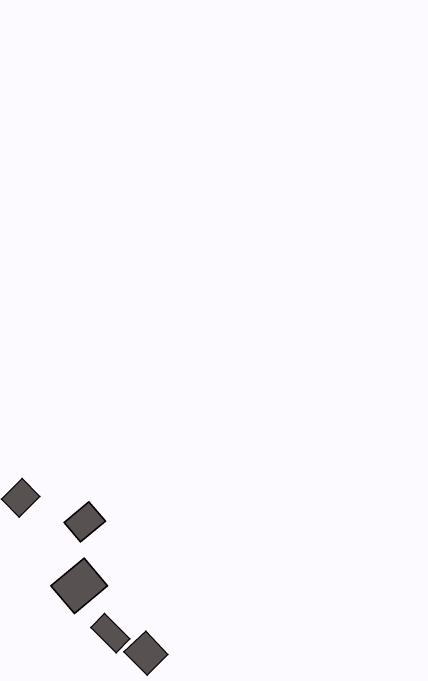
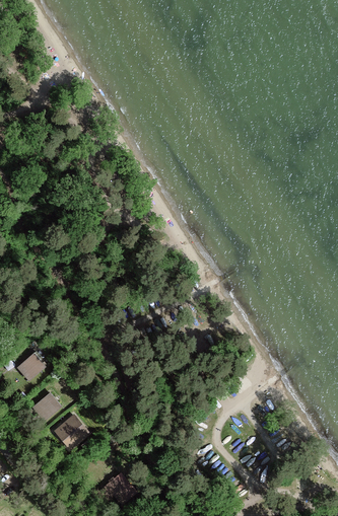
building: [64,502,105,542] -> [31,392,62,422]
building: [91,614,130,653] -> none

